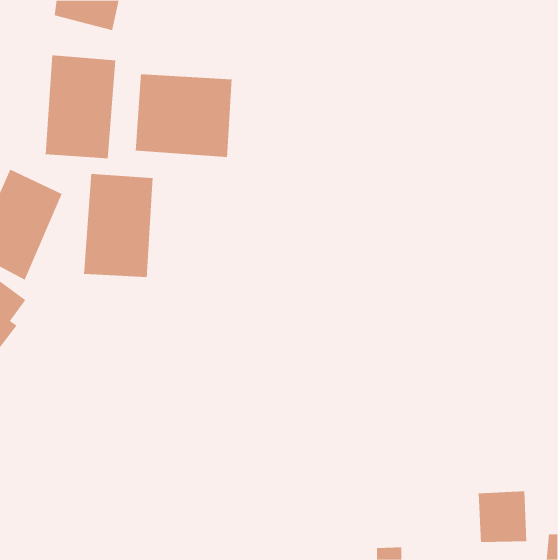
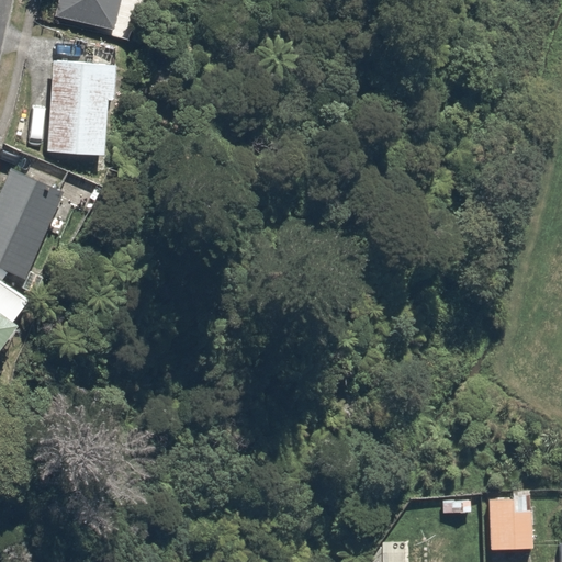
building: [135,73,232,158] -> none
building: [83,173,153,278] -> none

